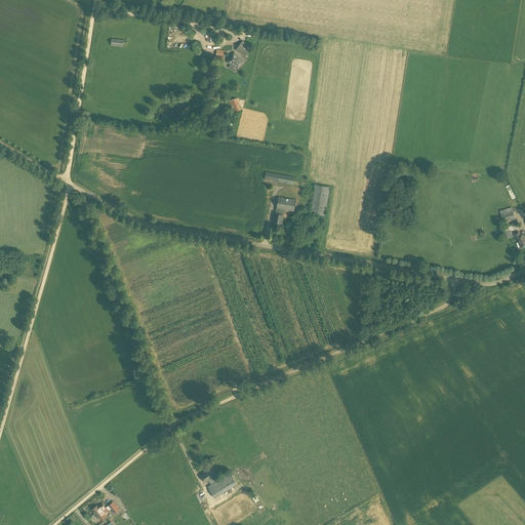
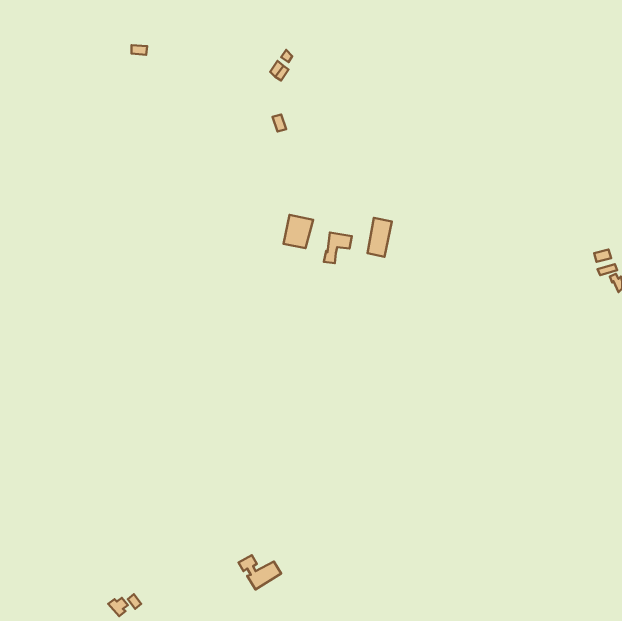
building: none -> [284,215,313,248]

